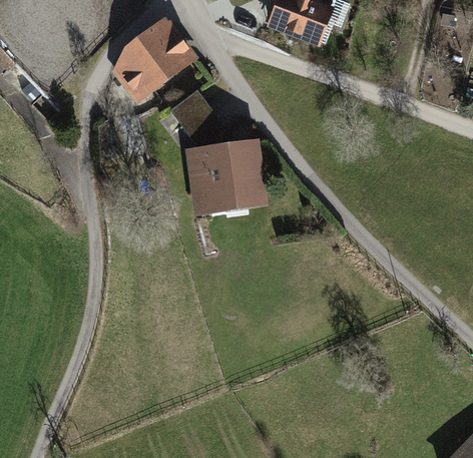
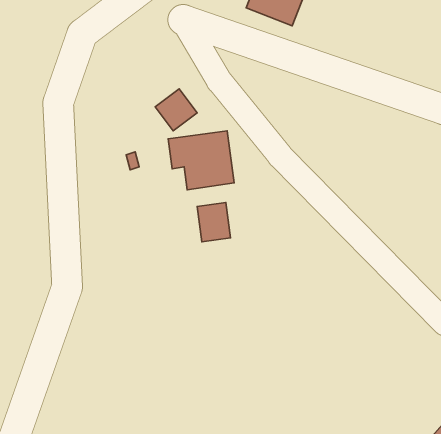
building: [114,22,188,93] -> none
building: none -> [197,203,230,242]

